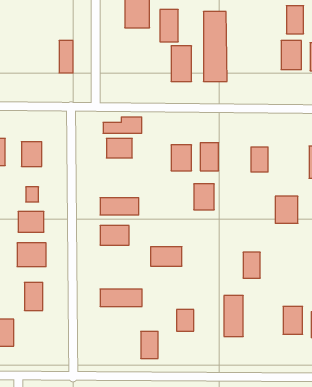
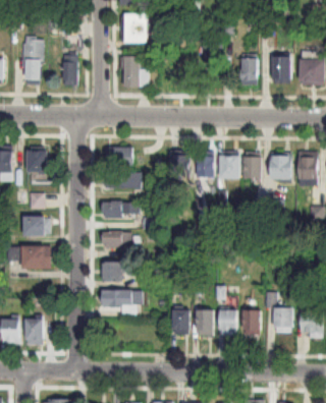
building: [286,6,304,34] -> [240,57,257,83]
building: [160,10,178,42] -> [123,56,141,87]
building: none -> [22,40,42,83]
building: [103,117,142,133] -> [103,173,140,188]
building: [194,184,214,210] -> [219,155,238,179]
building: [275,196,298,223] -> [270,154,291,179]
building: [151,247,182,266] -> [101,263,130,281]
building: [243,252,260,278] -> [243,310,260,335]
building: [24,282,43,310] -> [25,319,43,345]
building: [141,331,158,358] -> [197,309,213,335]

